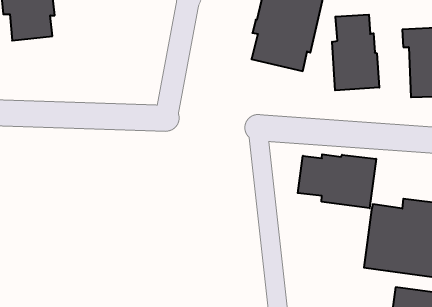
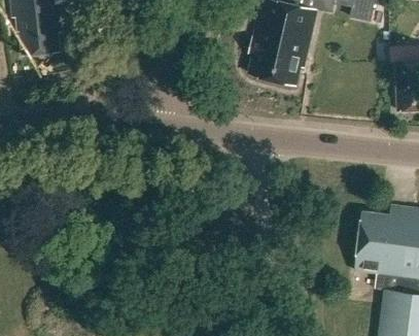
building: [332,15,379,90] -> none
building: [298,154,376,208] -> none

